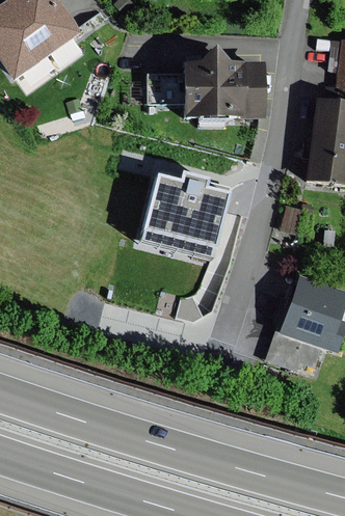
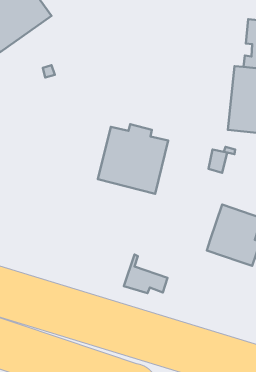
building: [147,48,265,118] -> none
building: [266,318,322,368] -> [124,254,168,293]

